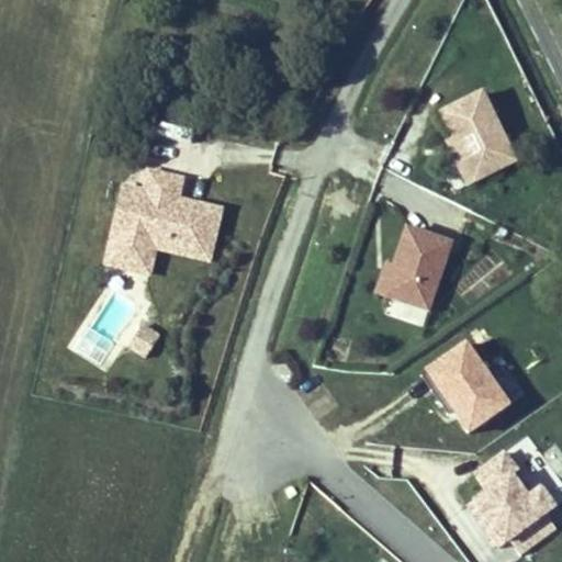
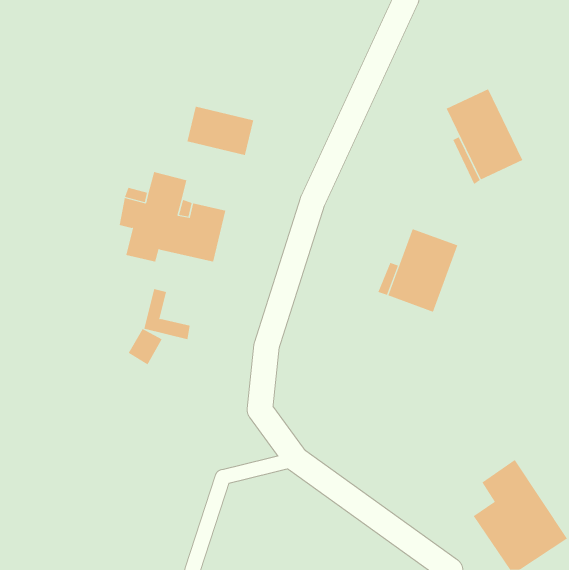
building: none -> [187,106,254,156]
building: [110,221,156,271] -> [143,288,190,340]
building: [425,342,508,443] -> none

